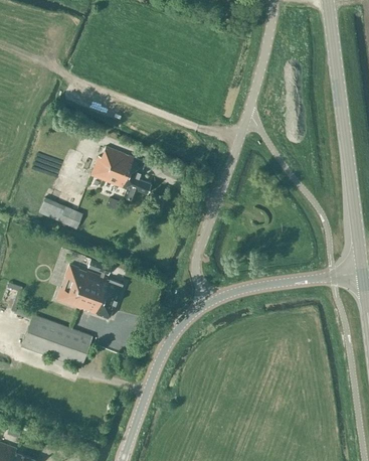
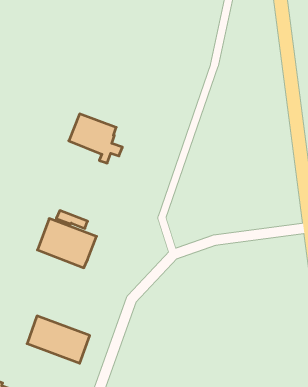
building: [39,200,82,227] -> none
building: [21,313,91,366] -> [27,316,90,363]

